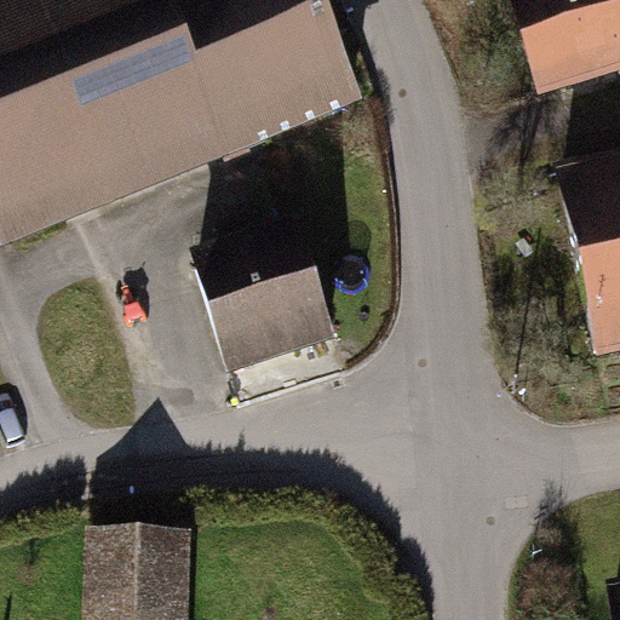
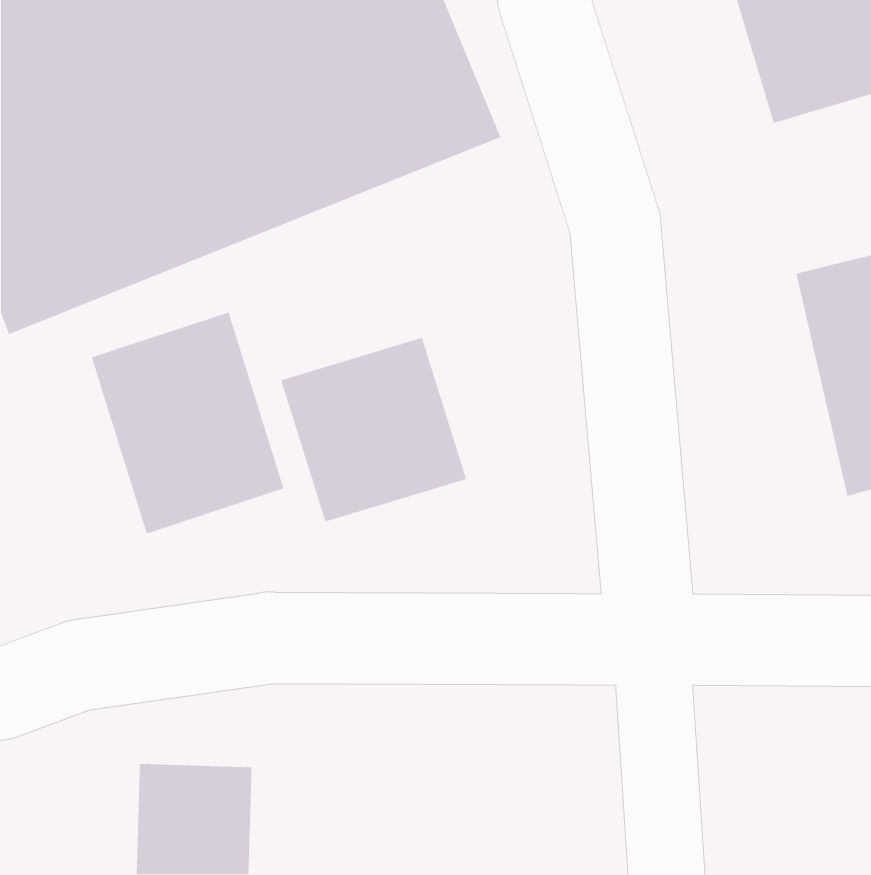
building: none -> [91,311,285,534]

